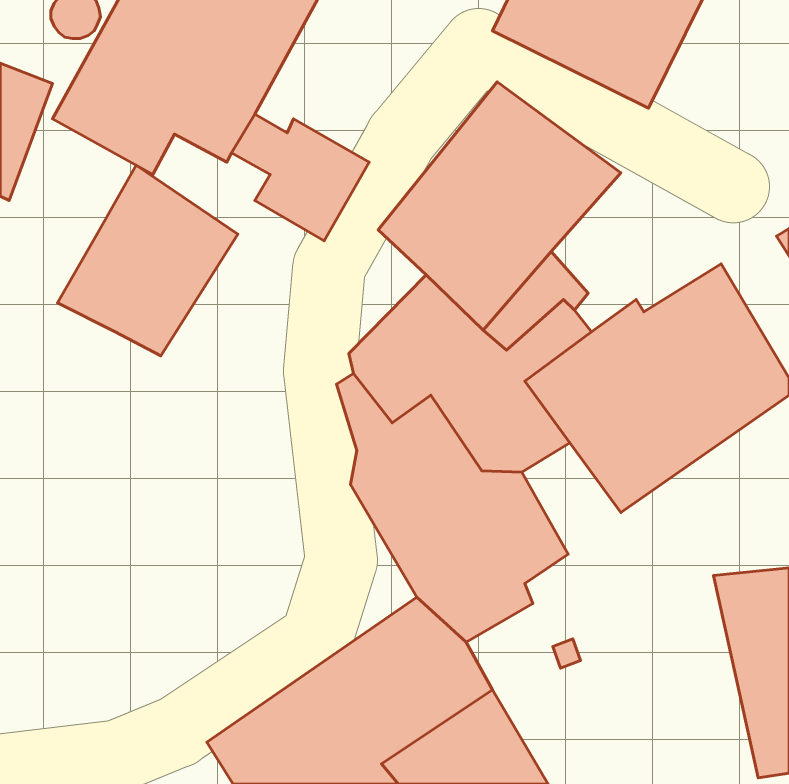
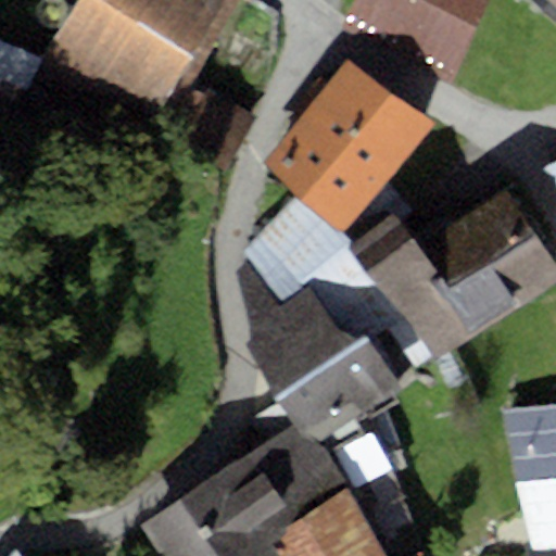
building: [57,165,238,356] -> none

